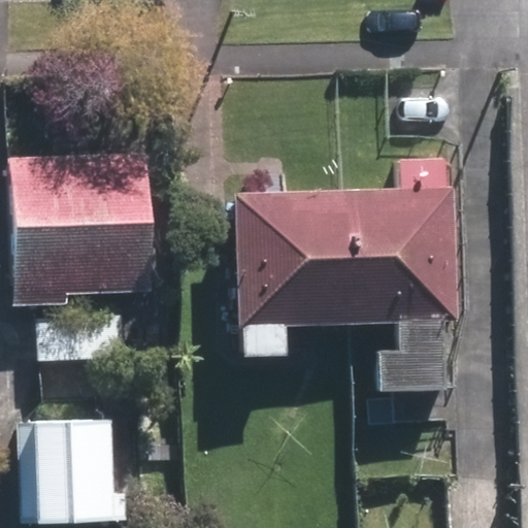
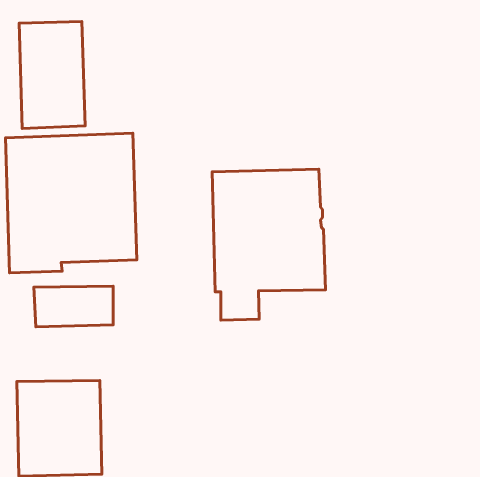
building: none -> [19,22,85,128]
building: [351,161,458,427] -> none

